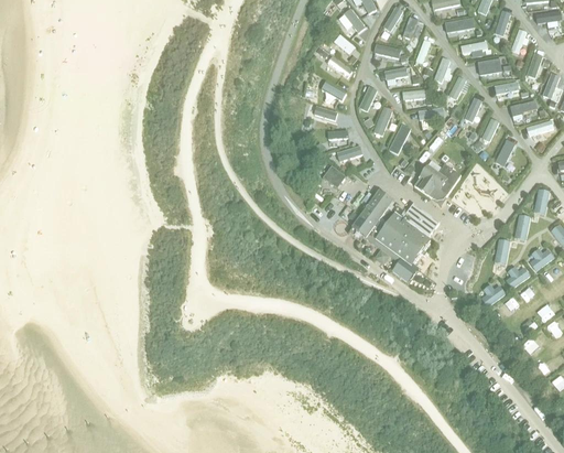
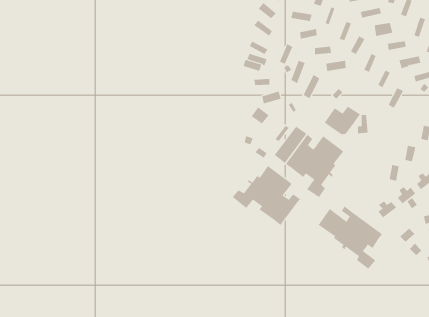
building: none -> [232,165,301,226]
building: none -> [318,206,383,269]

